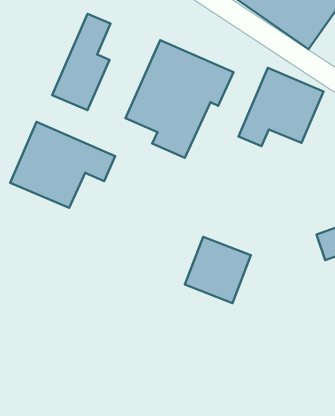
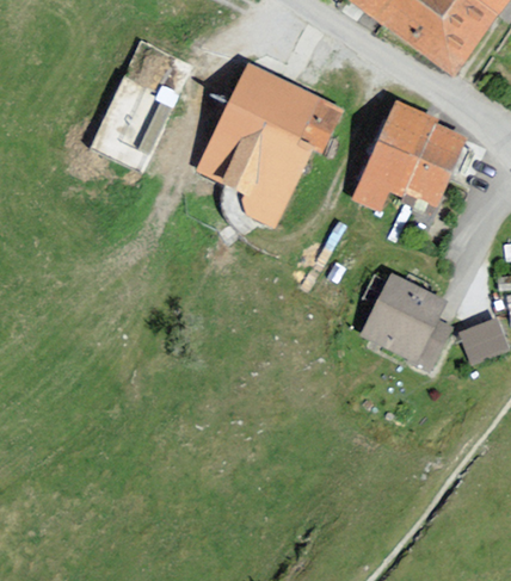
building: [10,122,115,208] -> none
building: [185,237,251,303] -> [359,273,449,363]

